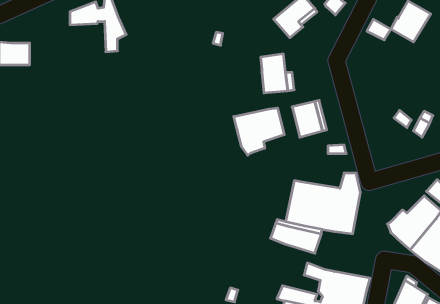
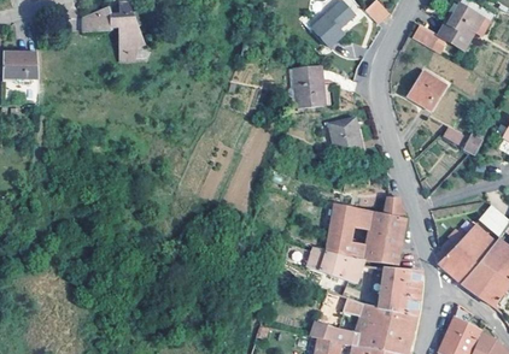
building: none -> [408,72,446,112]
building: [234,108,284,155] -> none
building: none -> [376,267,422,313]

